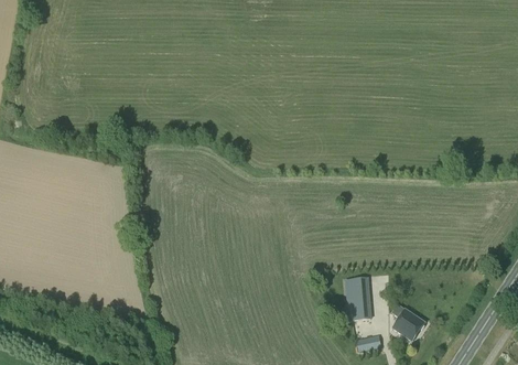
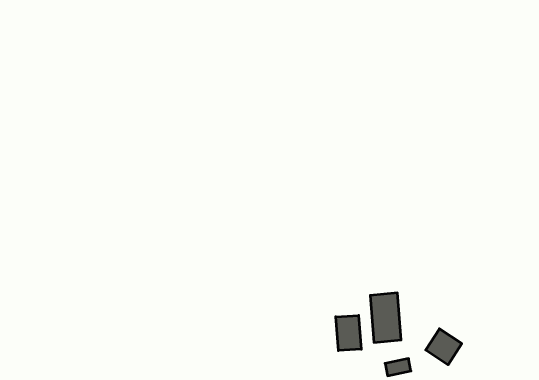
building: none -> [336,315,361,351]

